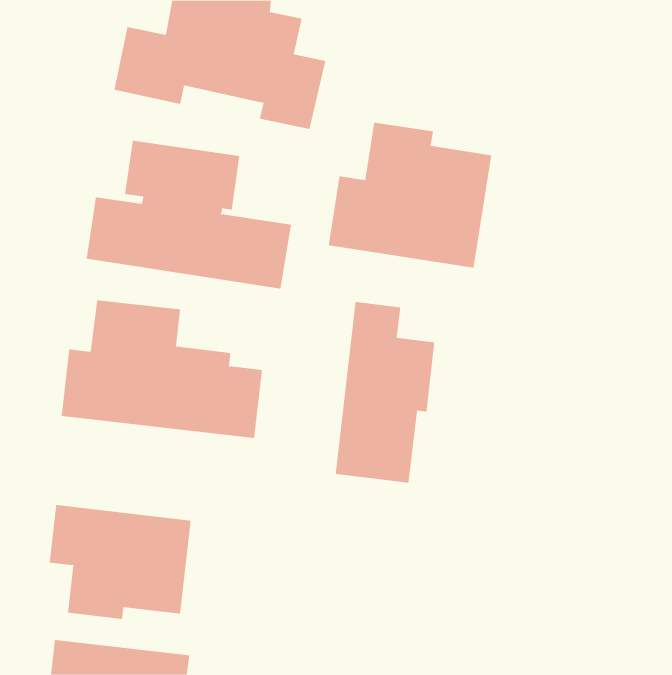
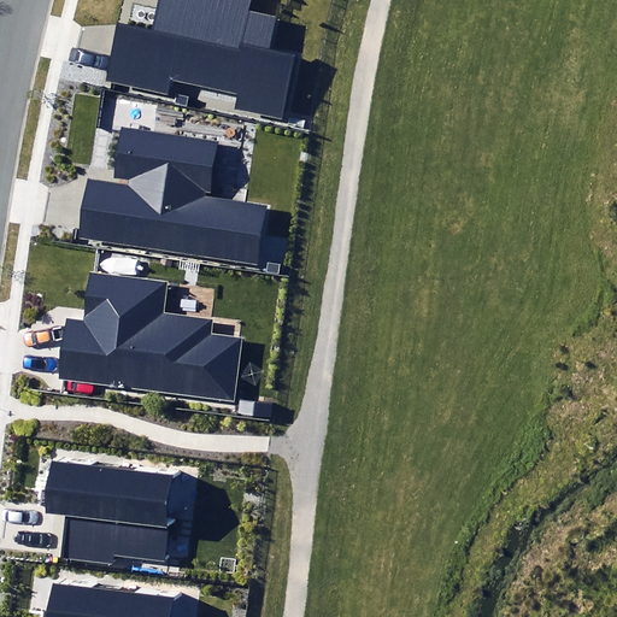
building: [328,122,492,269] -> none
building: [335,301,435,484] -> none

